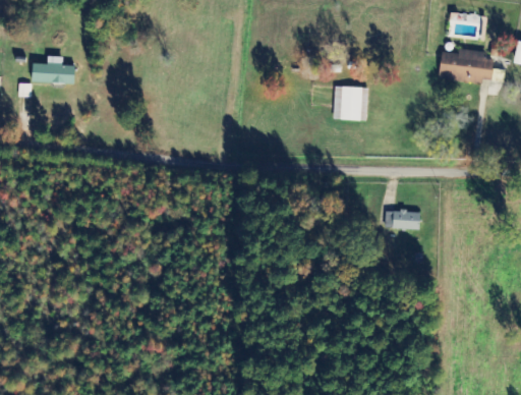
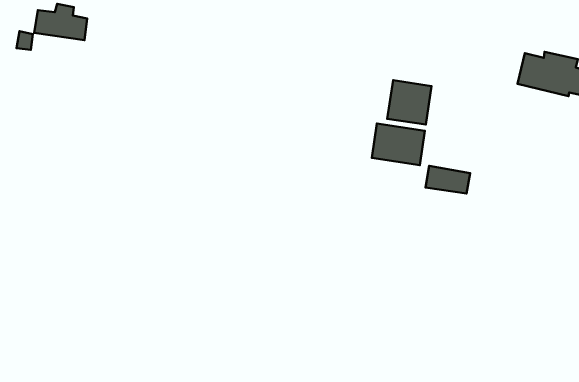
building: none -> [372,124,425,165]
building: [385,209,420,228] -> [426,166,470,193]

